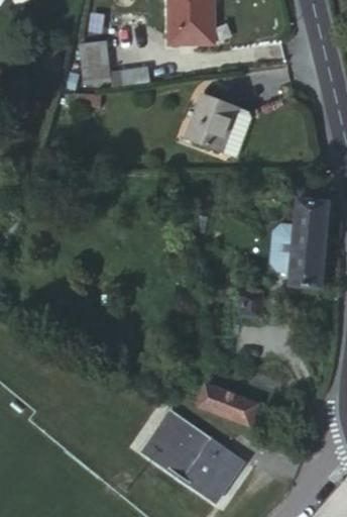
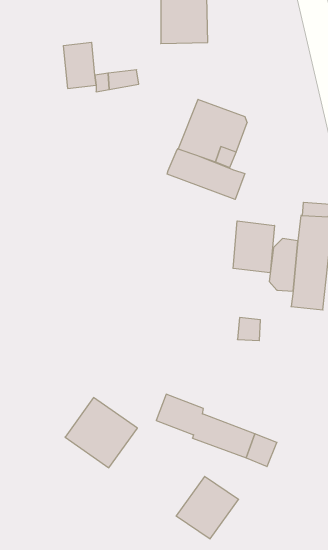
building: none -> [167,149,245,199]
building: none -> [233,221,274,273]
building: [144,413,211,478] -> [65,398,137,468]

